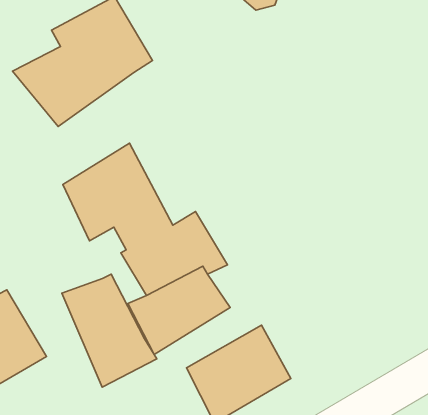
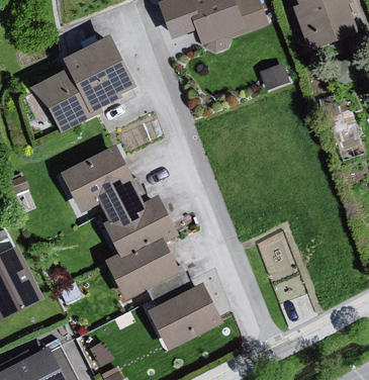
building: [62,274,157,387] -> none

